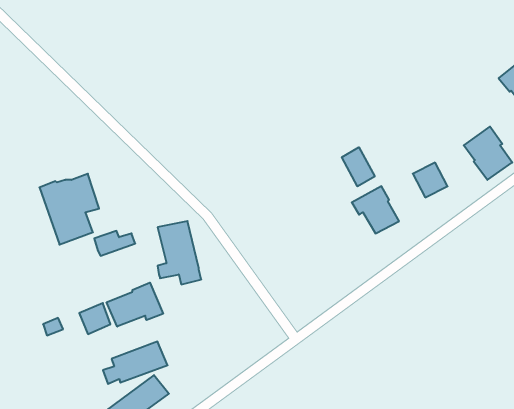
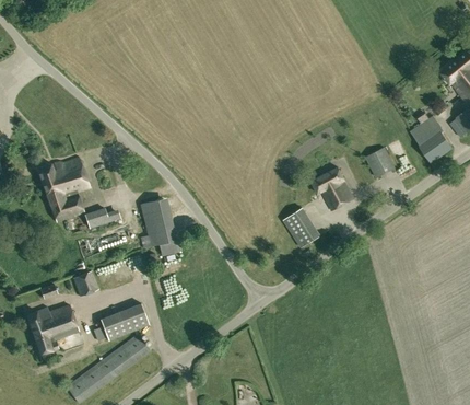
building: [342,147,375,186] -> none
building: none -> [283,207,319,246]
building: [107,283,163,327] -> none
building: none -> [26,305,79,355]

